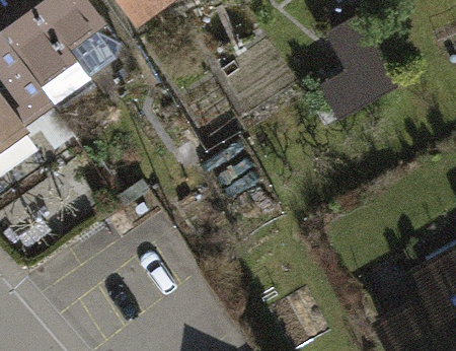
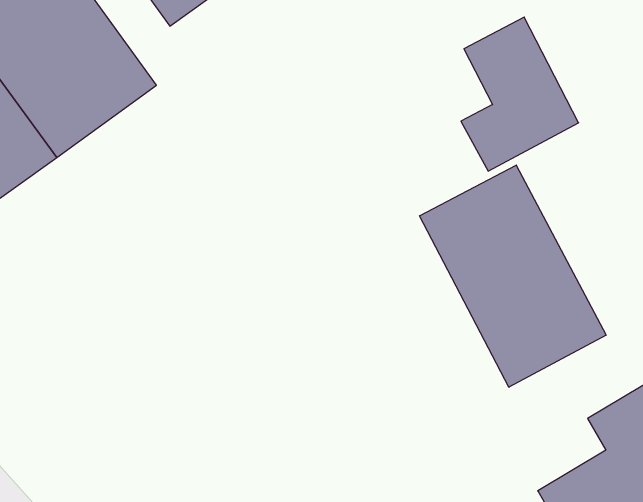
building: none -> [420,165,606,387]

